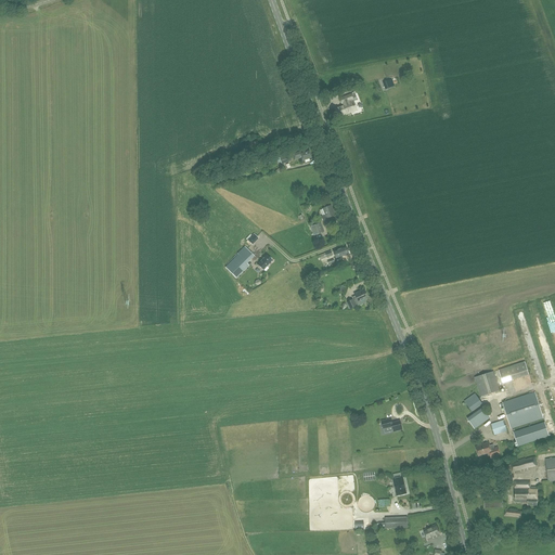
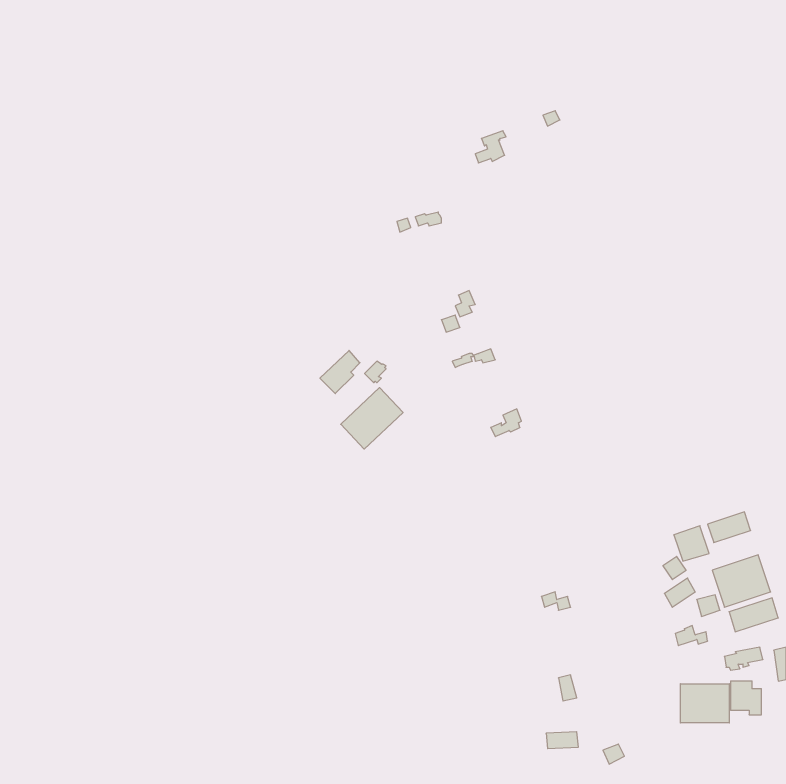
building: none -> [341,388,403,449]
building: none -> [680,684,729,723]

